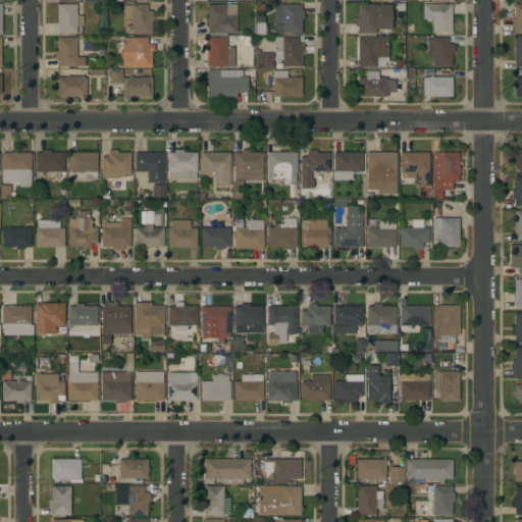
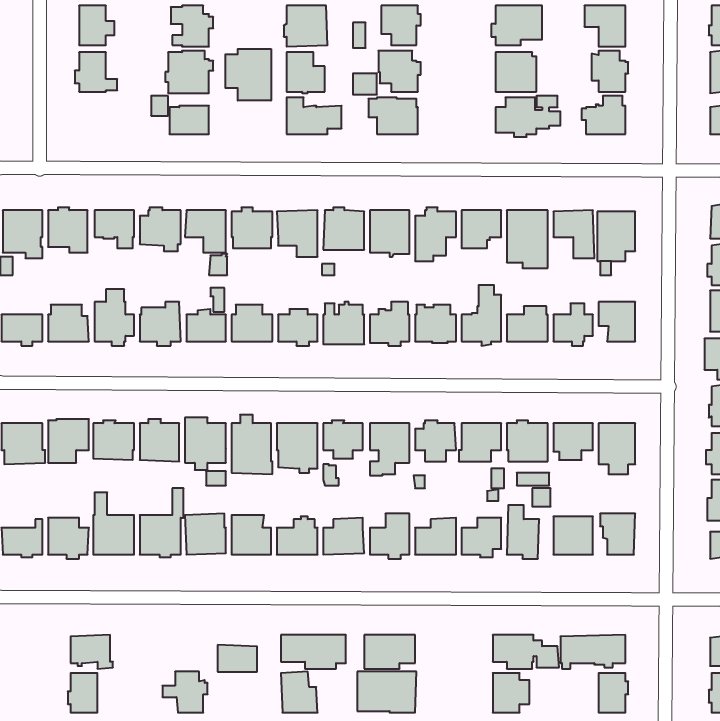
building: none -> [225,49,271,101]
building: [58,75,87,97] -> none
building: [119,459,148,478] -> [218,645,257,672]

